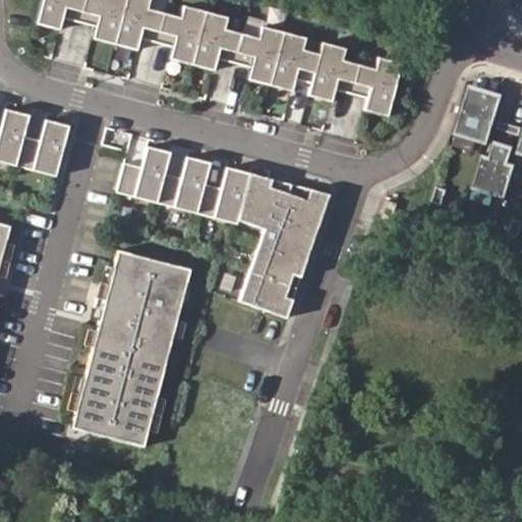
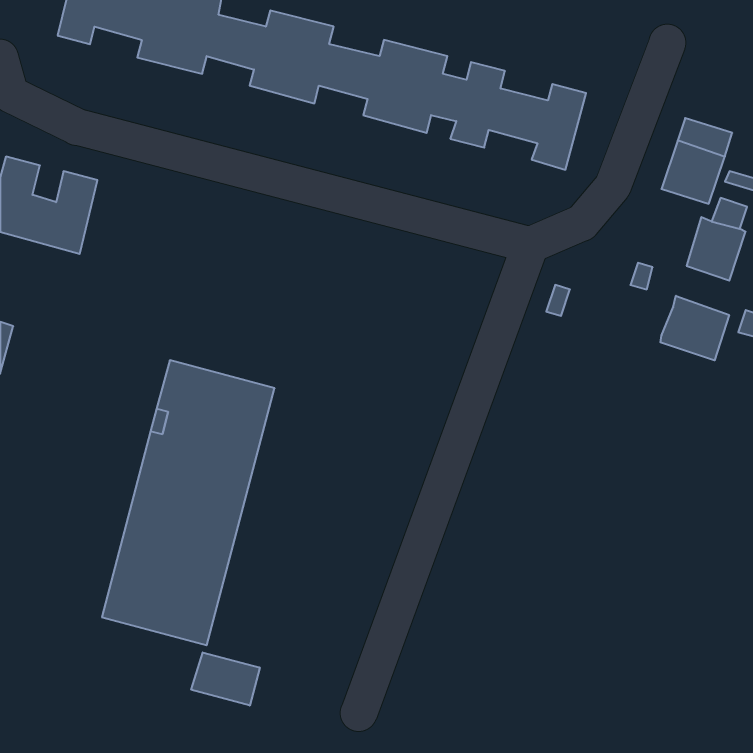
building: [116,145,327,315] -> none
building: none -> [660,296,729,360]
building: none -> [191,652,260,706]

